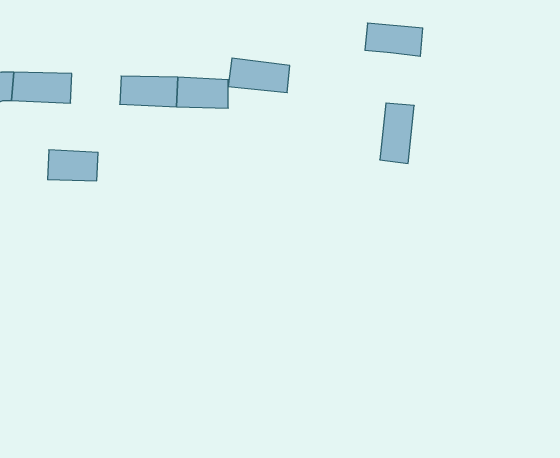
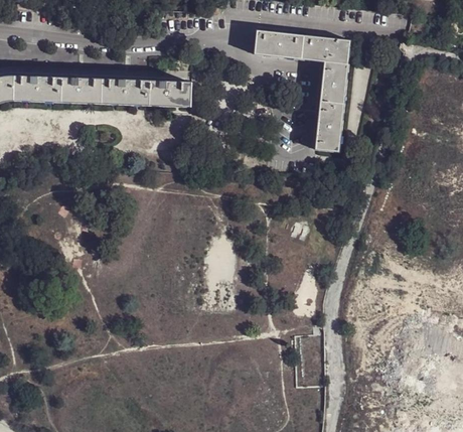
building: none -> [320,60,348,104]
building: [228,58,290,93] -> [255,30,305,58]
building: [48,150,98,181] -> [62,78,104,103]

